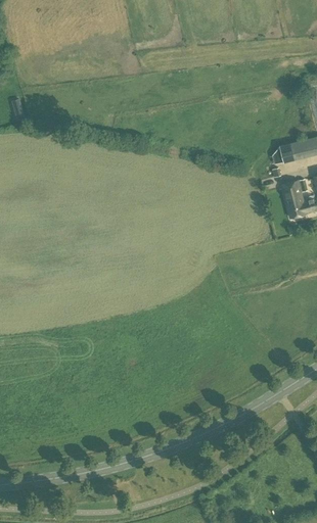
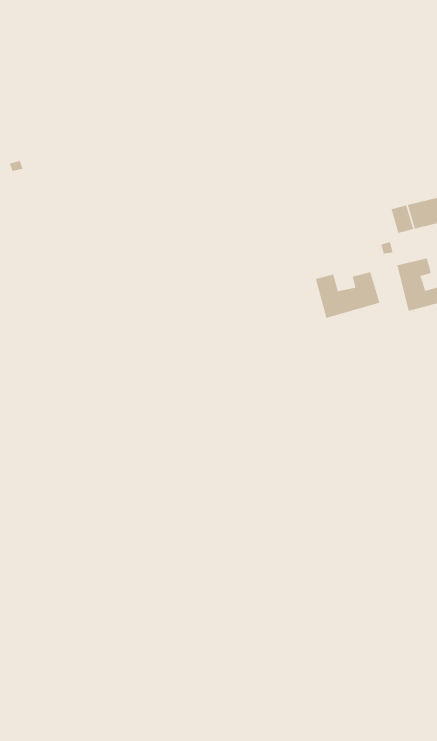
building: none -> [315,271,381,319]

